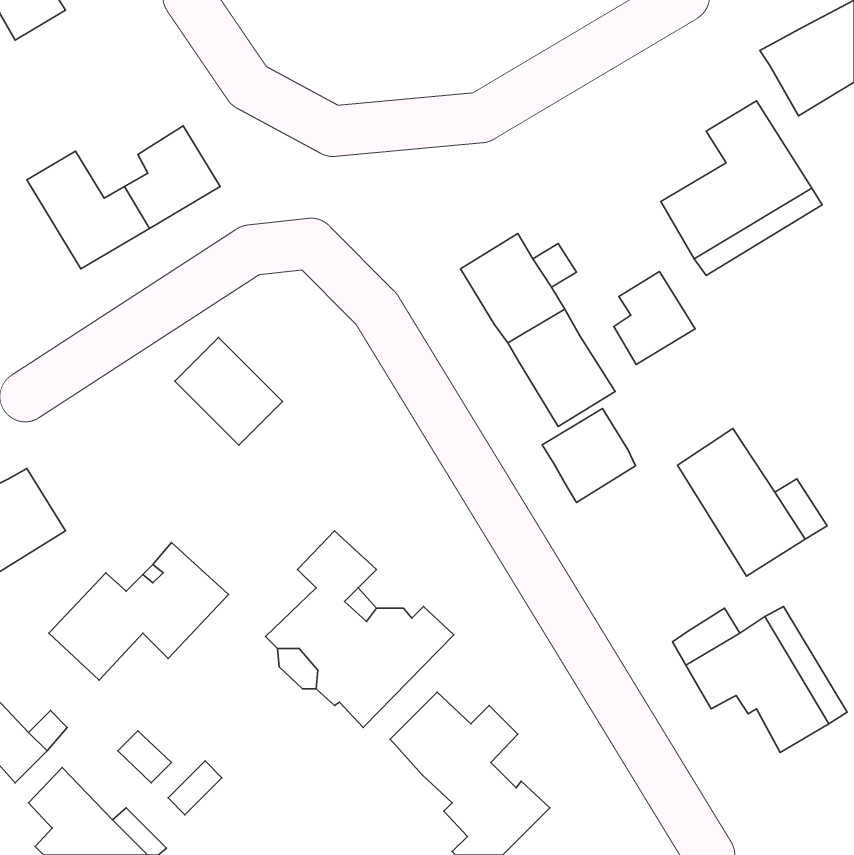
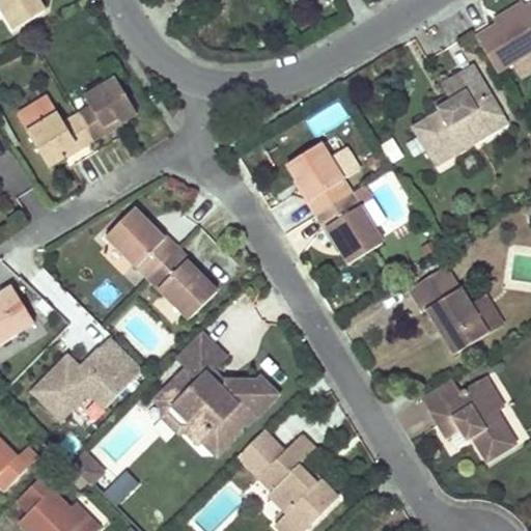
building: [614,271,695,365] -> none
building: none -> [147,248,217,317]
building: [542,409,635,503] -> none

